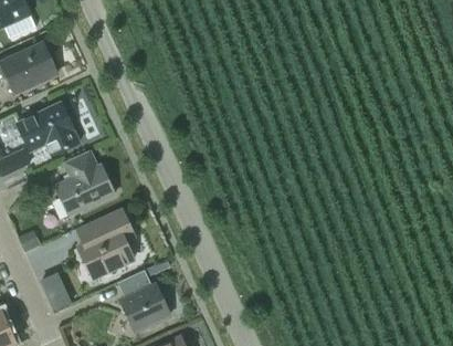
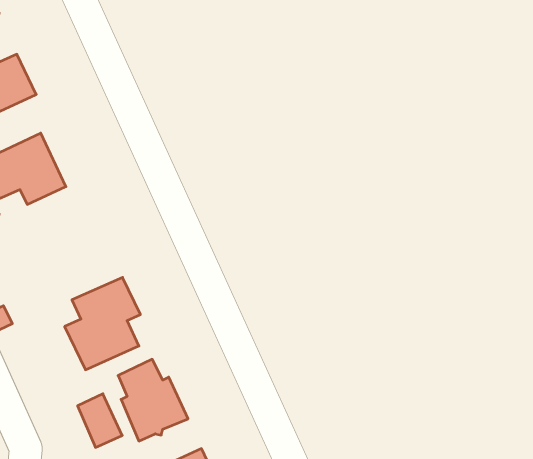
building: [55,150,115,216] -> none
building: [39,272,72,312] -> [78,394,122,447]

